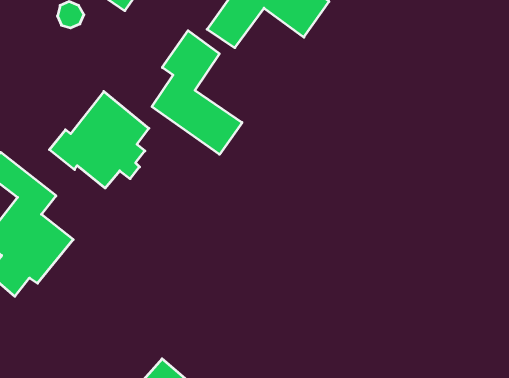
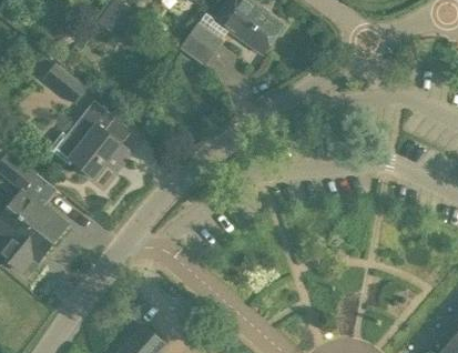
building: [152,31,242,154] -> none
building: none -> [42,60,84,99]

